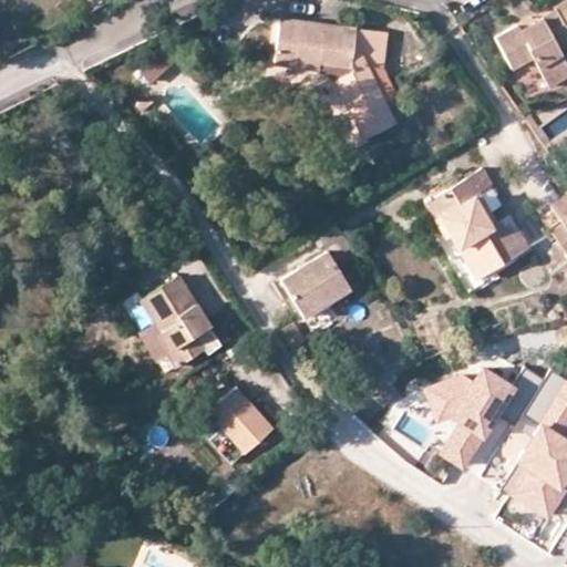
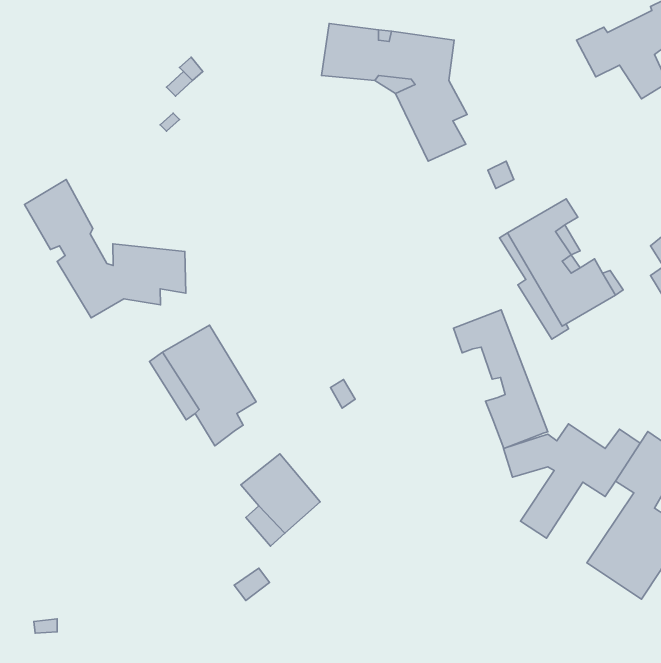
building: none -> [24,179,186,318]
building: [284,254,353,318] -> none
building: none -> [453,310,548,448]

